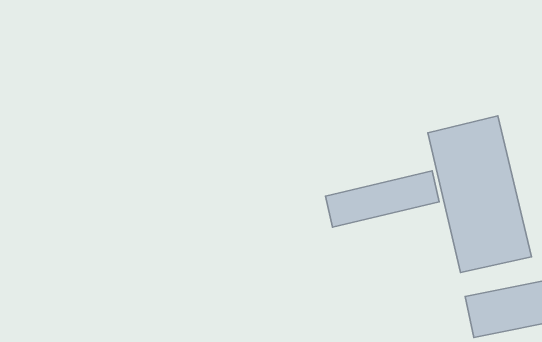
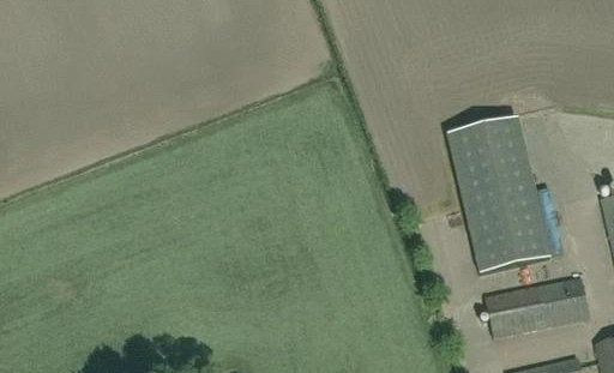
building: [325,171,439,227] -> none

